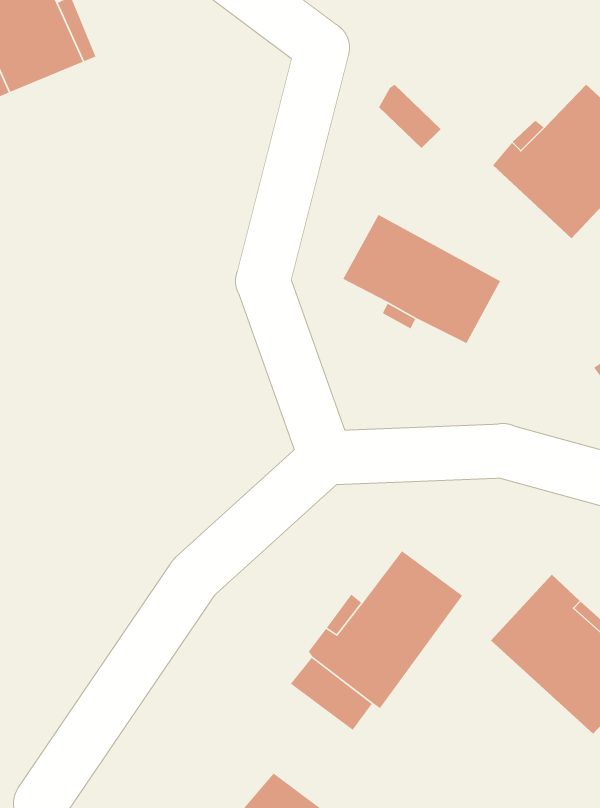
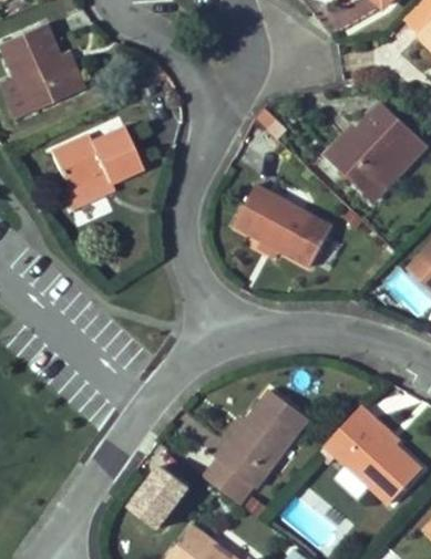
building: none -> [51,127,141,207]
building: none -> [129,463,194,531]

